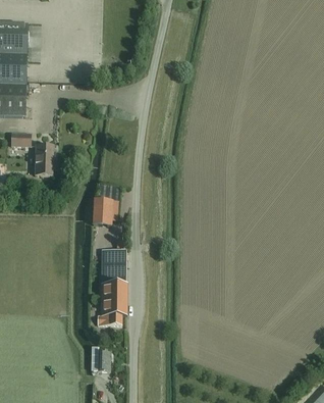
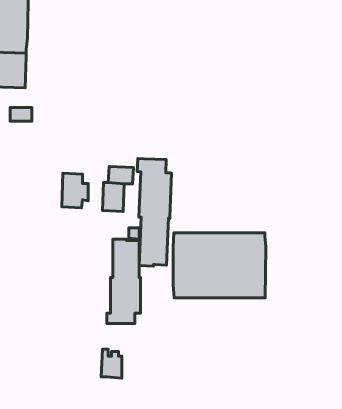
building: [35,146,58,177] -> [62,173,88,208]
building: none -> [137,158,172,266]
building: none -> [173,233,266,298]

